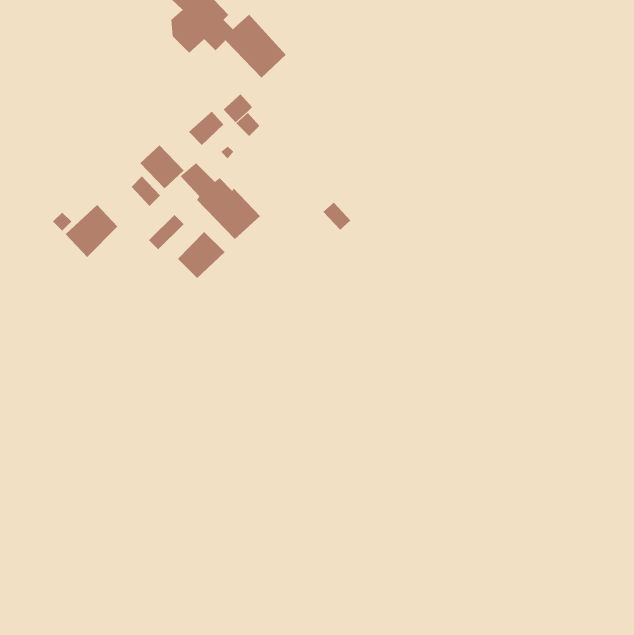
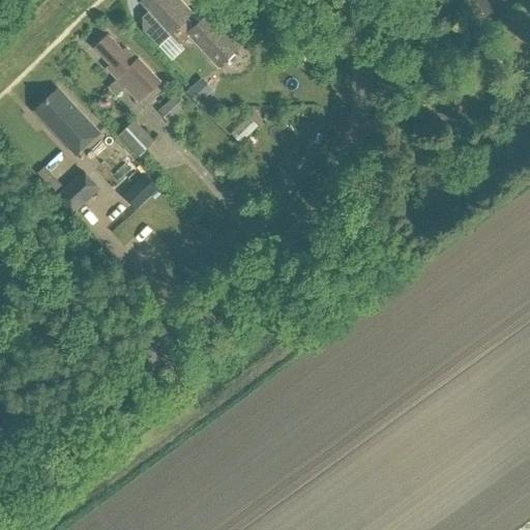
building: none -> [39,89,99,154]
building: [180,163,261,240] -> [93,36,160,100]
building: [177,231,225,279] -> none

